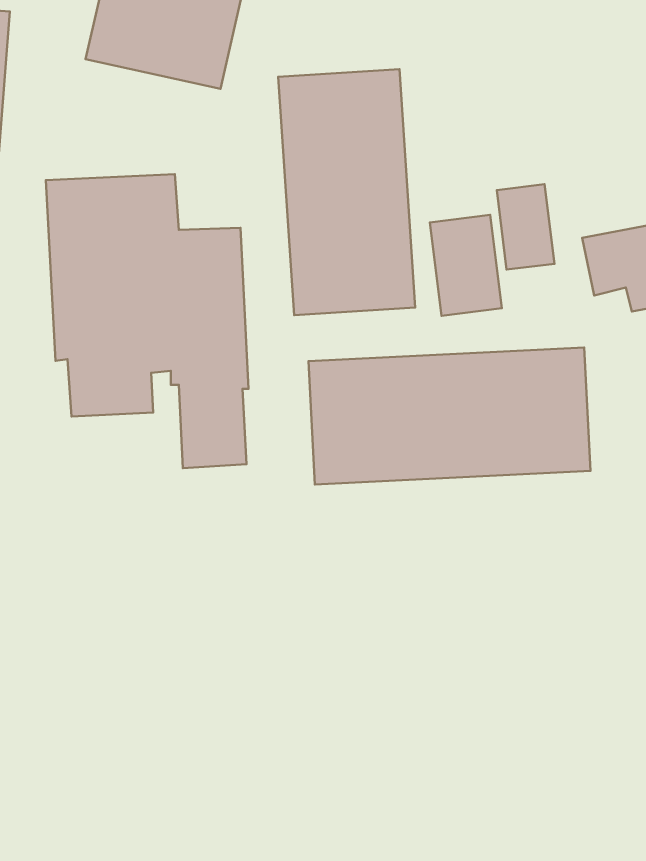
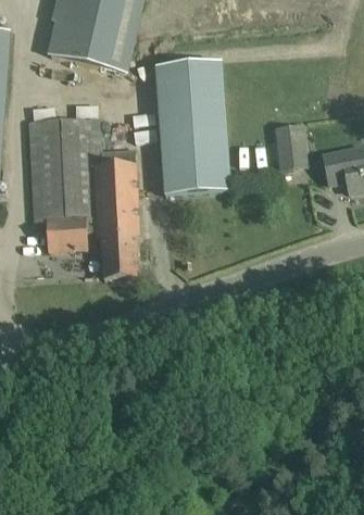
building: [430,215,502,316] -> none
building: [309,348,590,485] -> none

